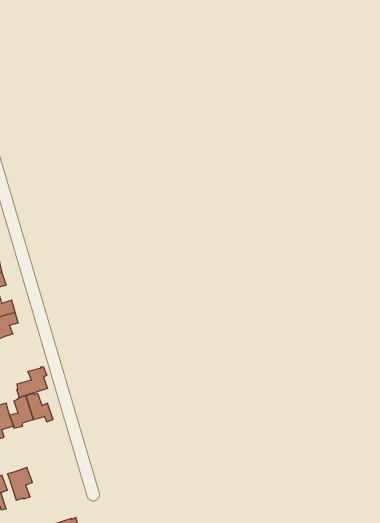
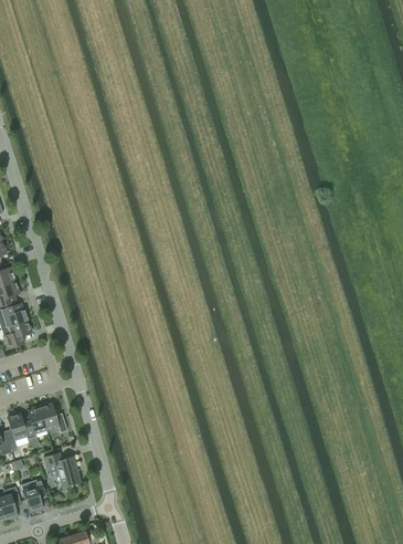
building: [17,367,47,398] -> none
building: none -> [43,451,79,487]

